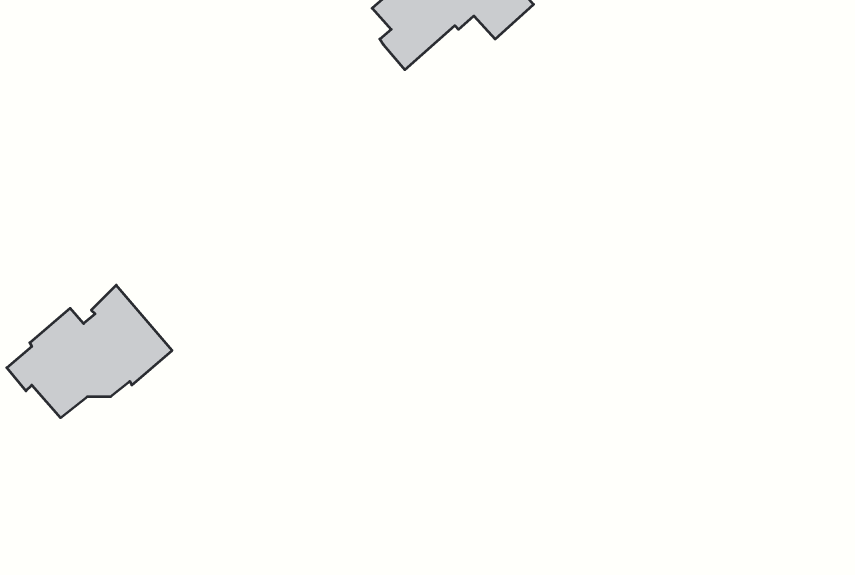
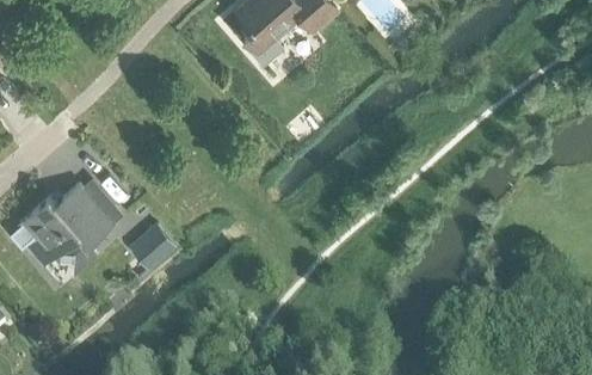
building: none -> [131,227,175,270]

